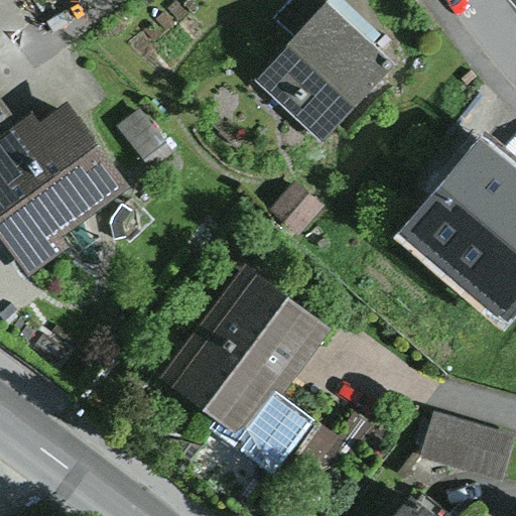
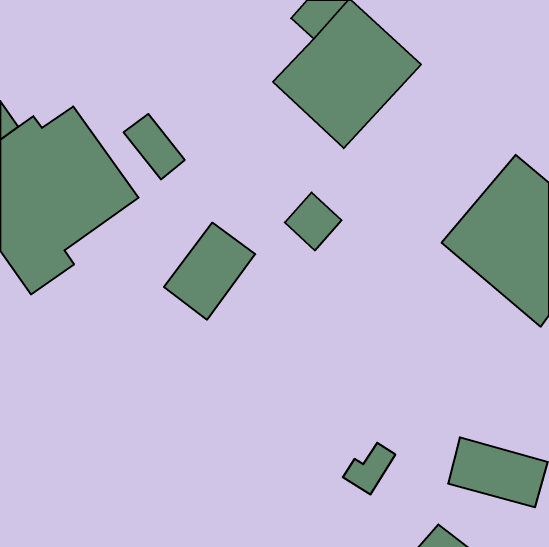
building: none -> [164,223,255,320]
building: [163,267,329,478] -> none

